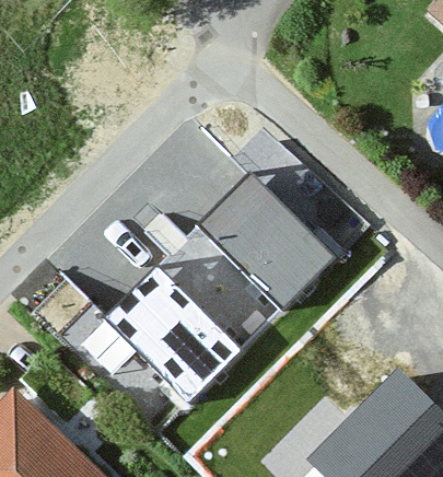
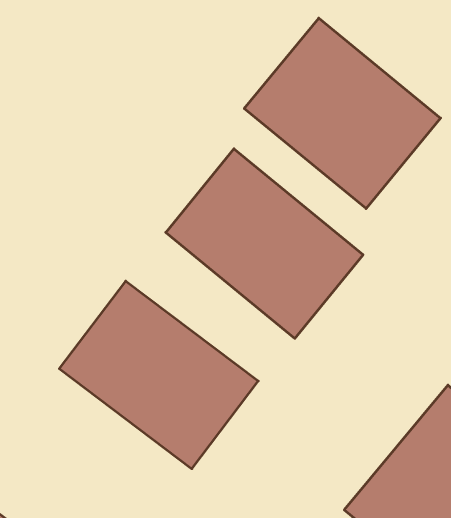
building: none -> [244,18,441,209]

